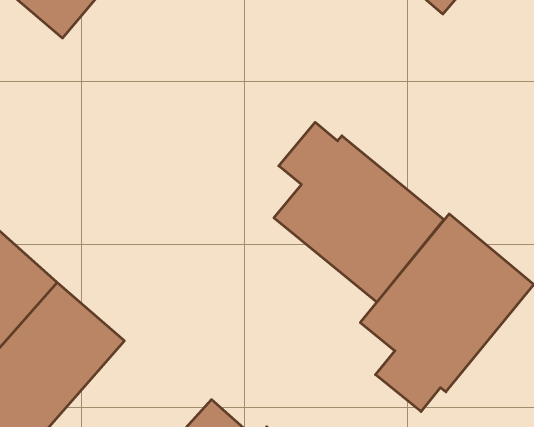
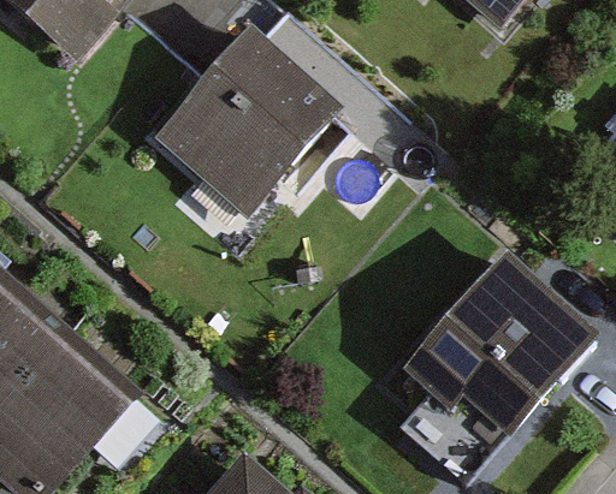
building: none -> [150,25,343,219]
building: [274,122,444,302] -> none

